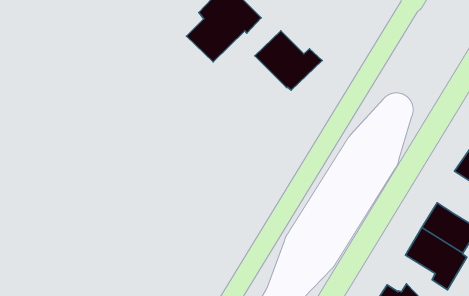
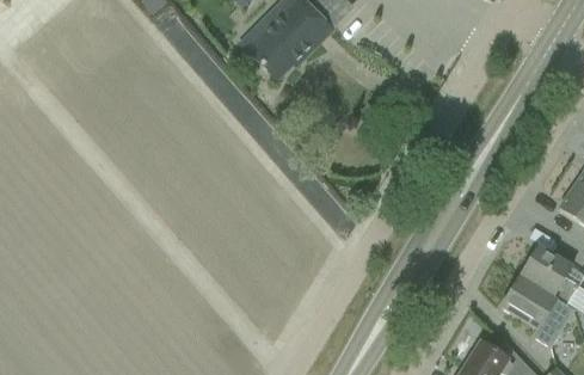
building: [255,31,322,90] -> none

